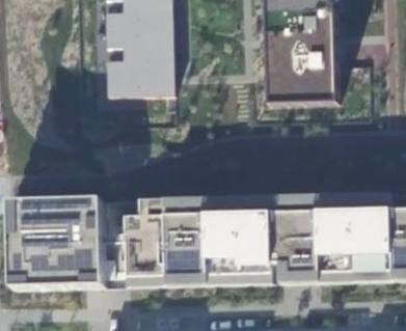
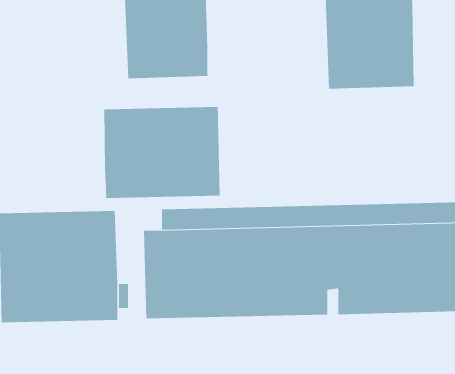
building: none -> [104,106,220,199]

